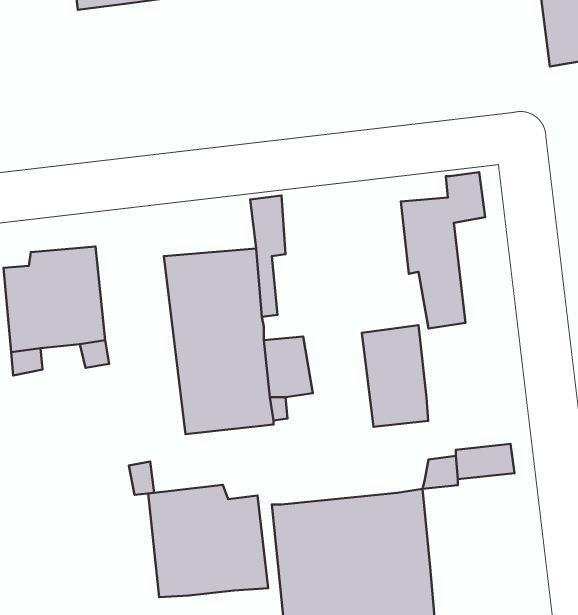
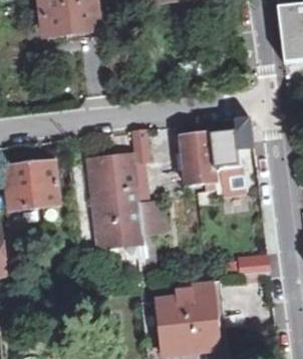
building: [362,325,428,427] -> [180,131,214,184]
building: [148,485,268,597] -> none

